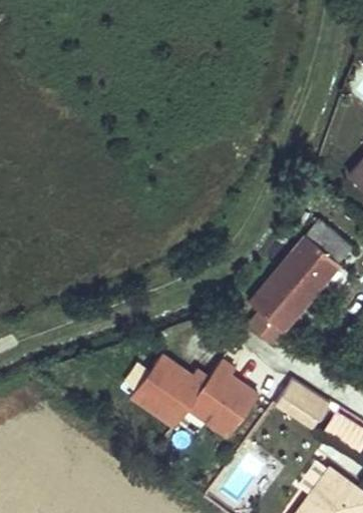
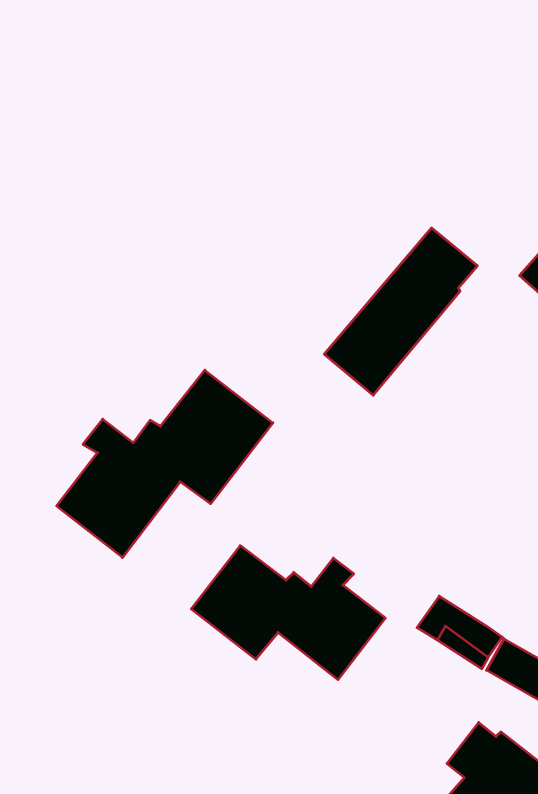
building: [251,223,348,330] -> [324,228,477,395]
building: none -> [57,370,273,558]

